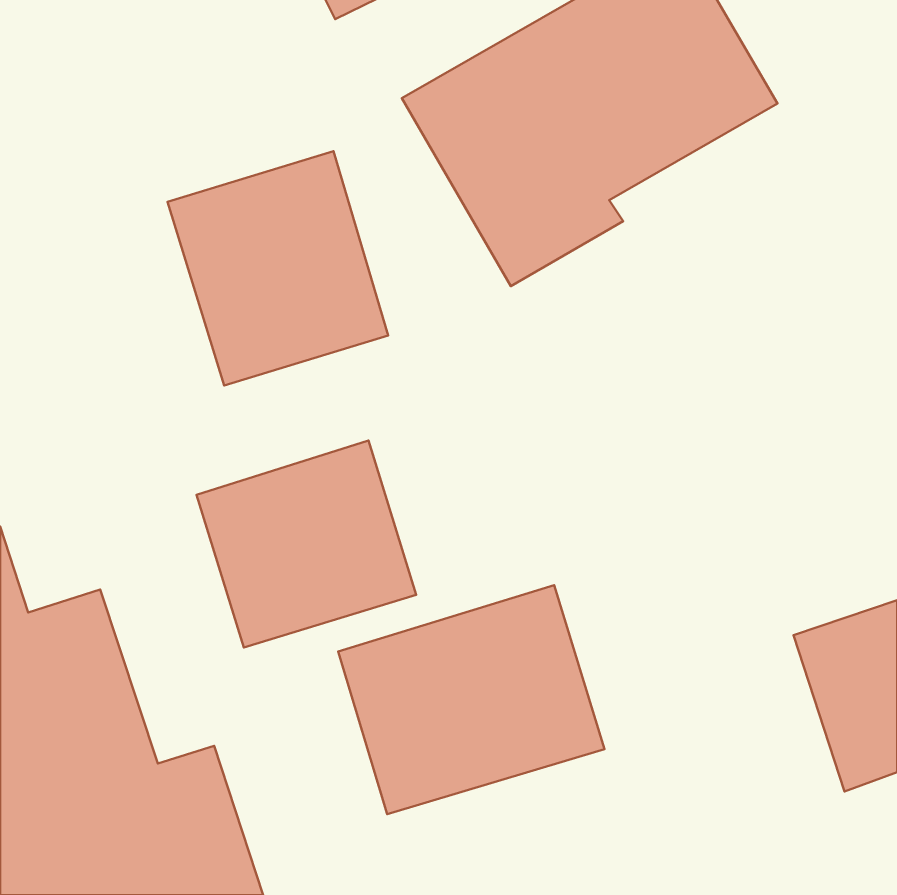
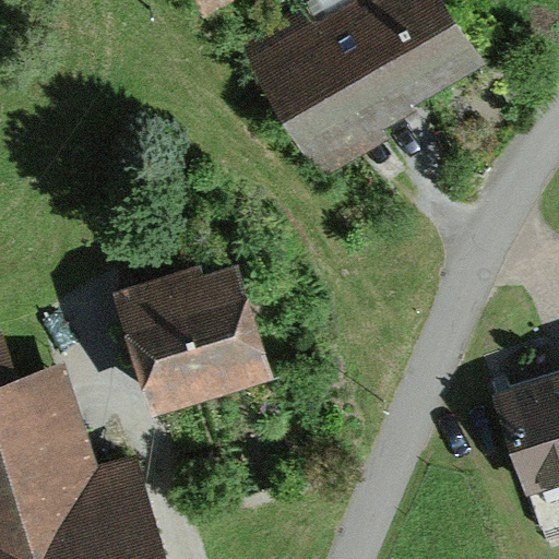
building: [168,151,388,385] -> none
building: [338,585,605,814] -> none

